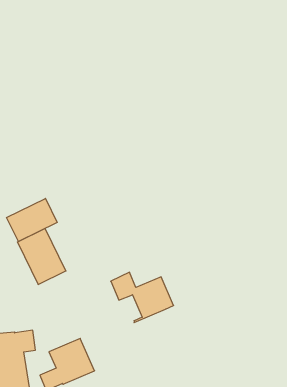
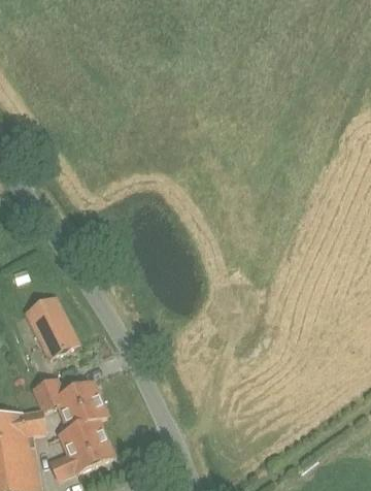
building: [7,198,57,242] -> none
building: [111,272,174,323] -> [33,378,105,435]

